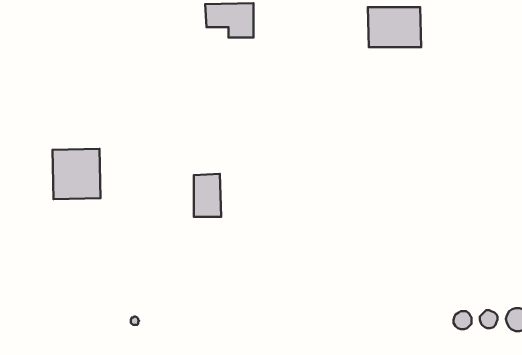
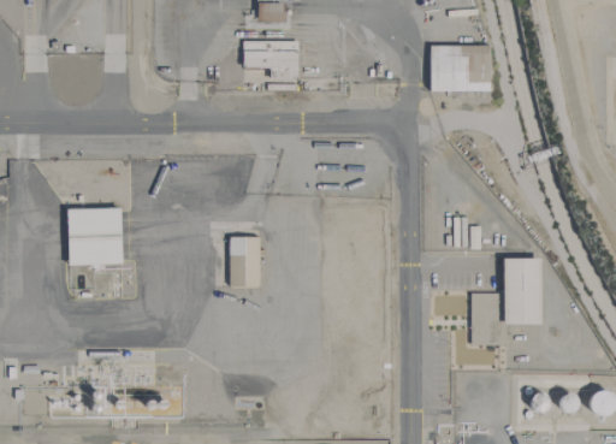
building: none -> [472,257,541,344]

